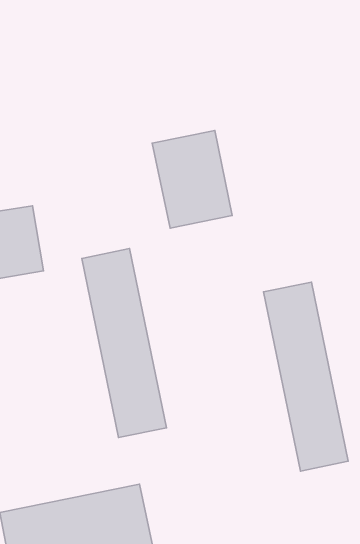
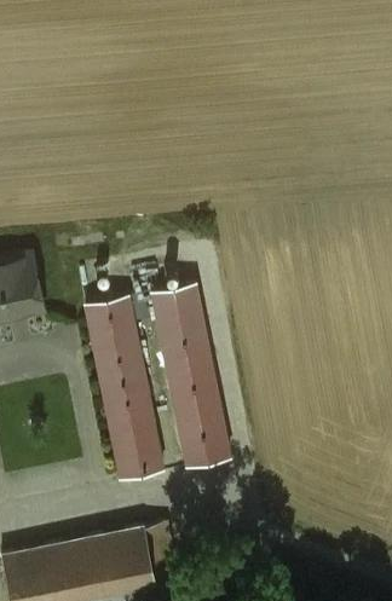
building: [152,130,232,228] -> none
building: [264,282,348,471] -> [149,282,232,468]

